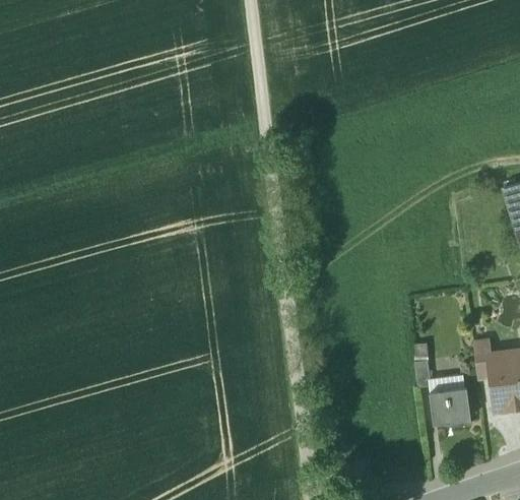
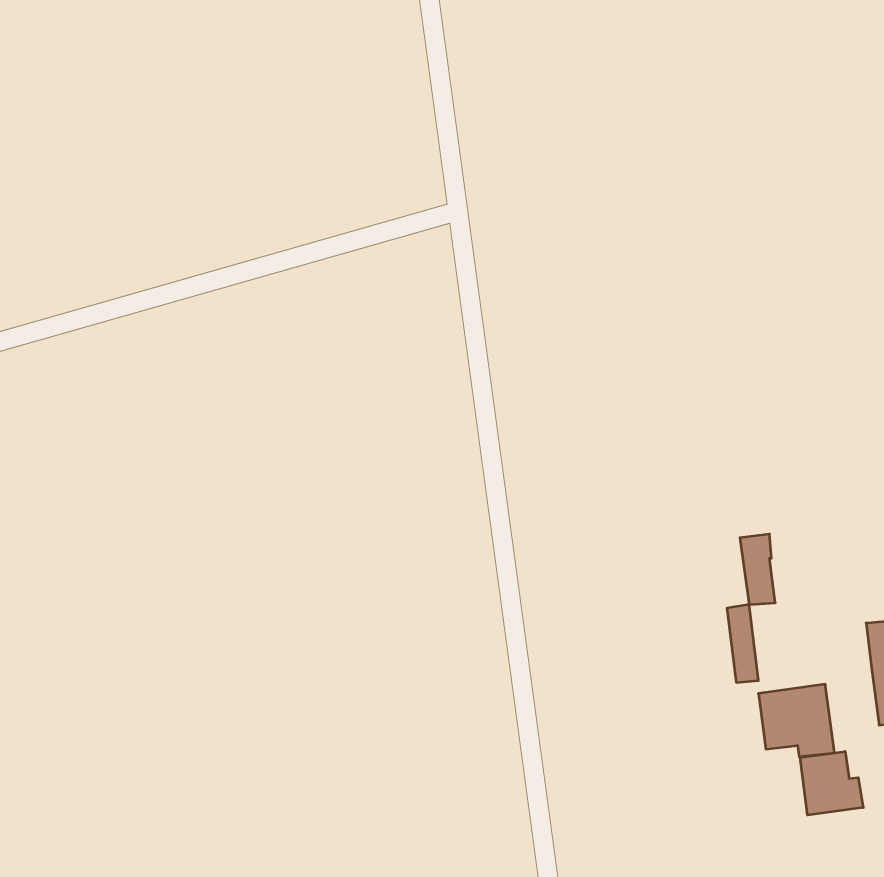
building: [472,338,492,377] -> [740,534,775,605]
building: none -> [800,751,863,815]

